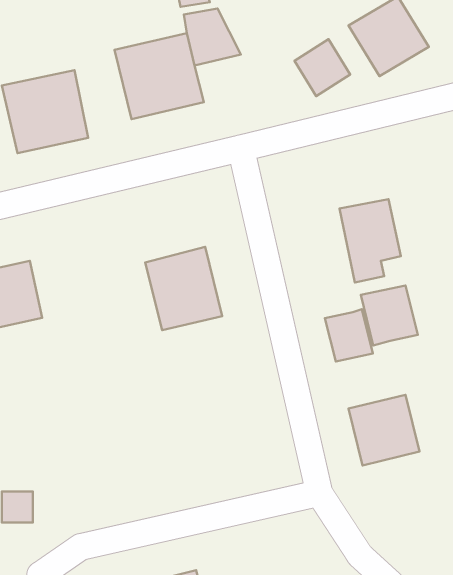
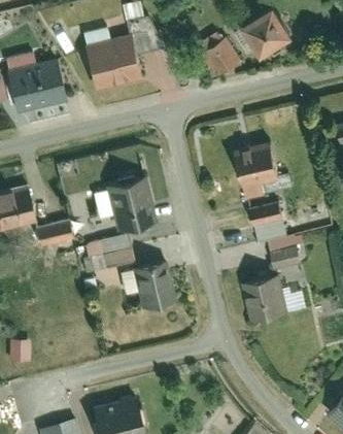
building: [325,309,373,361] -> [269,233,301,268]
building: none -> [36,221,73,247]
building: none -> [82,234,133,272]
building: none -> [133,262,175,309]

